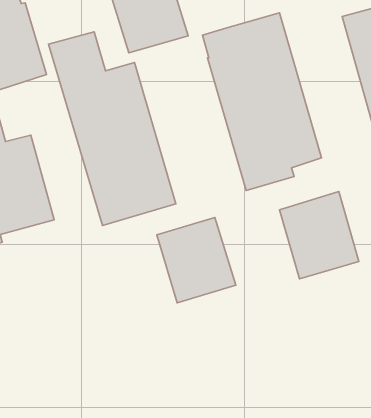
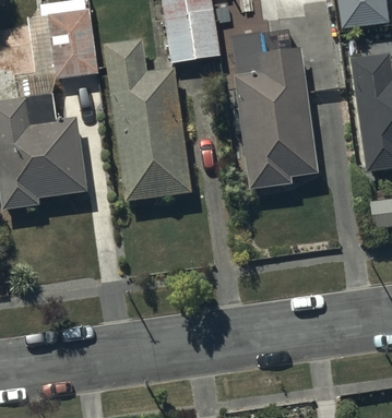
building: [280,191,359,279] -> none
building: [157,218,236,303] -> none

